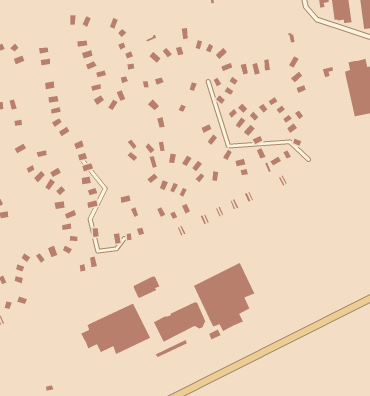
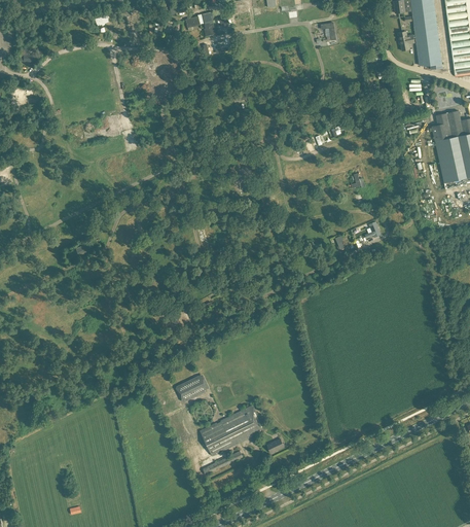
building: [193,262,256,332] -> none
building: [80,302,151,355] -> none

